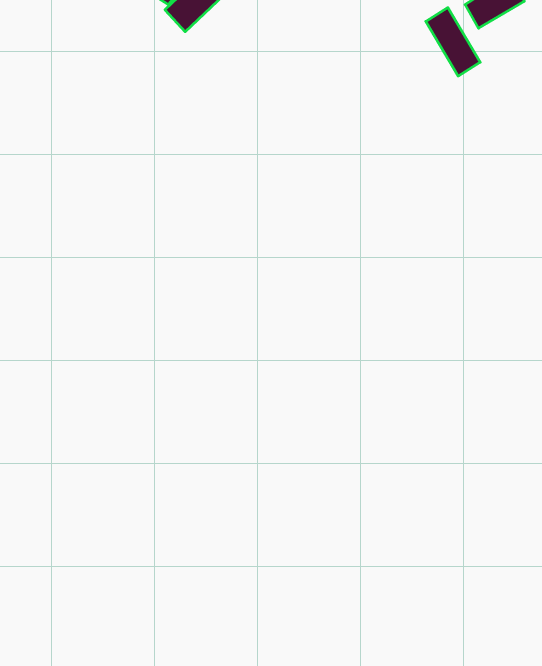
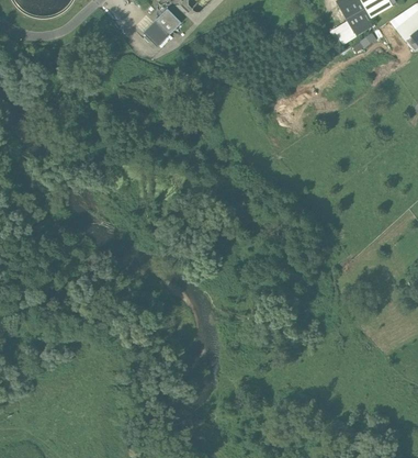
building: [426,8,480,76] -> none

